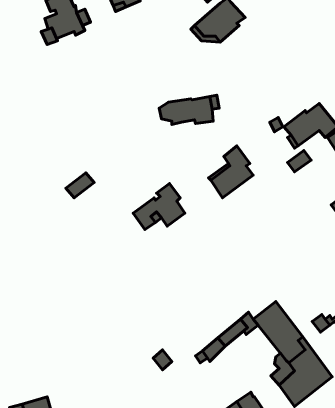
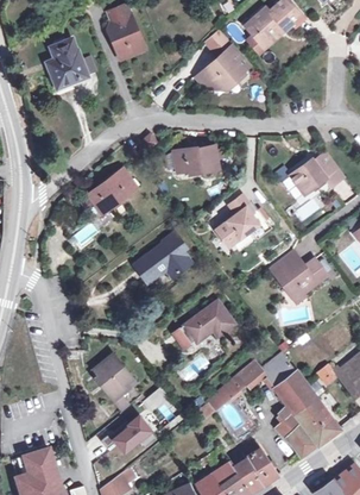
building: none -> [78,168,137,213]
building: none -> [270,250,327,293]
building: none -> [173,300,234,347]
building: none -> [94,353,132,409]
building: none -> [100,414,151,453]

